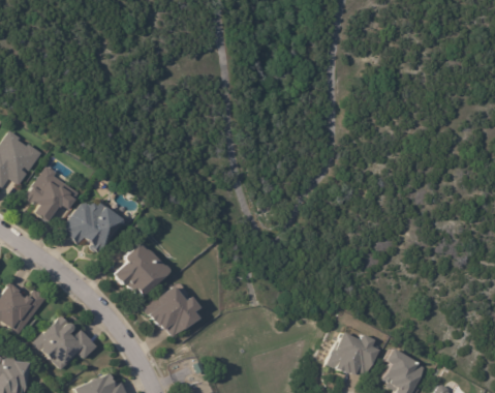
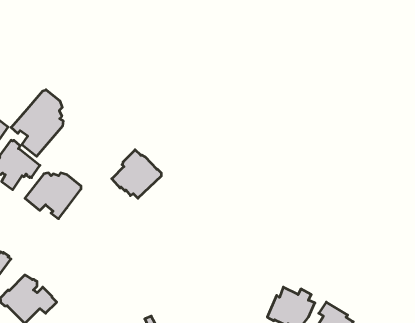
building: none -> [11,90,63,156]
building: [114,243,168,297] -> [112,150,161,198]
building: [141,284,200,338] -> none

